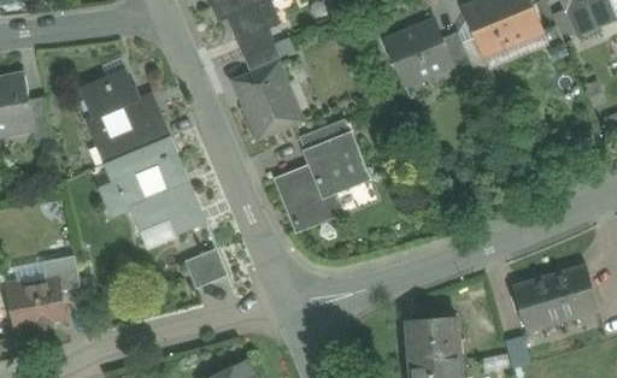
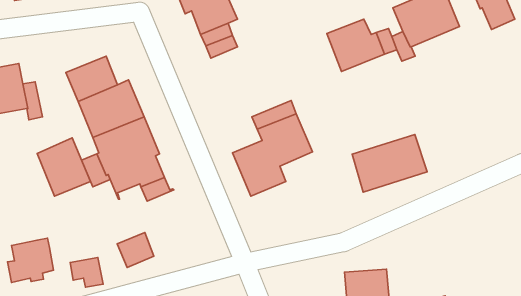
building: [234,61,301,136] -> none
building: none -> [37,138,90,196]
building: [184,248,228,289] -> [117,233,154,268]
building: [42,255,81,290] -> [70,257,103,287]
building: [512,264,600,331] -> [352,135,427,192]

